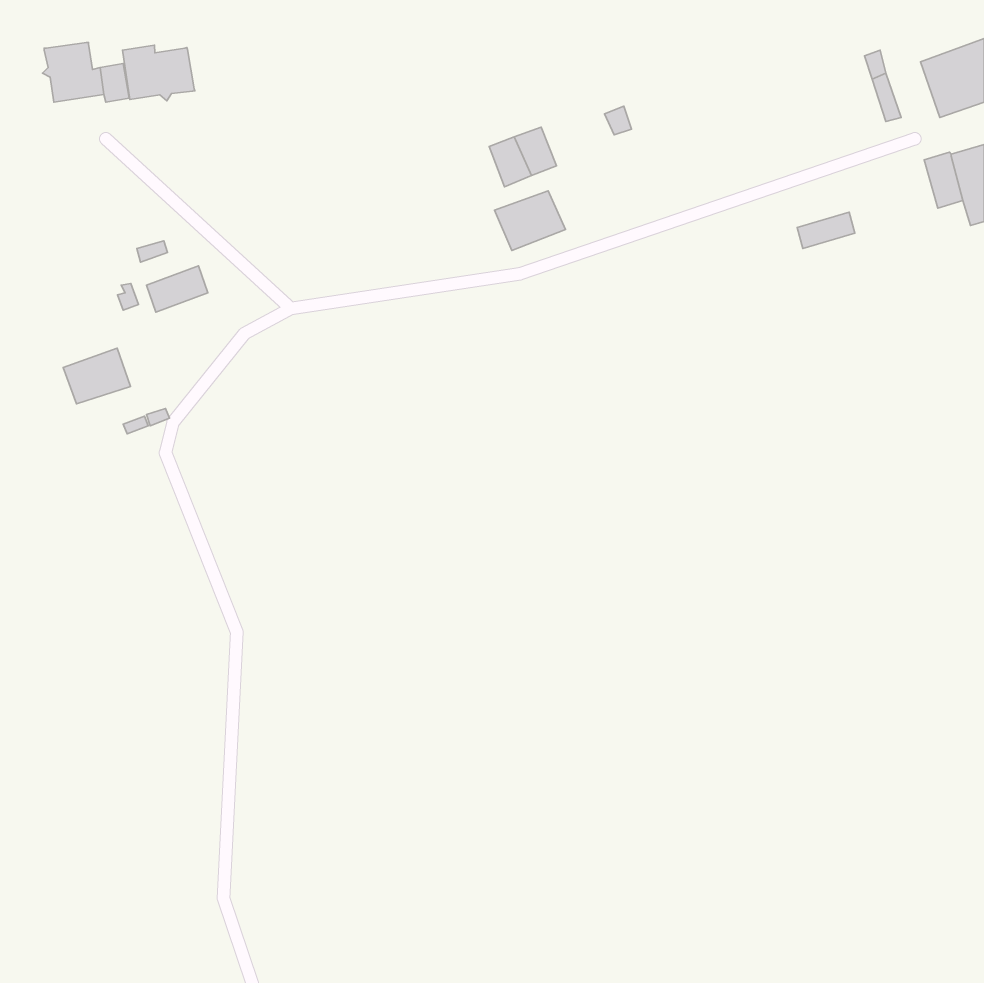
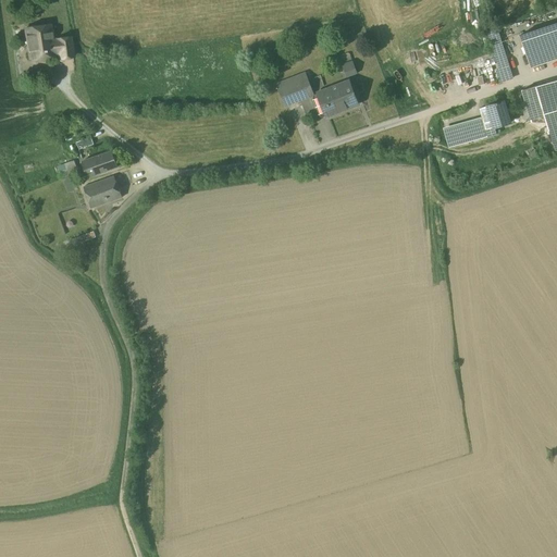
building: [122,45,195,101] -> none
building: none -> [480,100,510,128]
building: [494,191,566,251] -> [318,81,358,114]
building: [63,348,131,404] -> [84,175,122,207]

